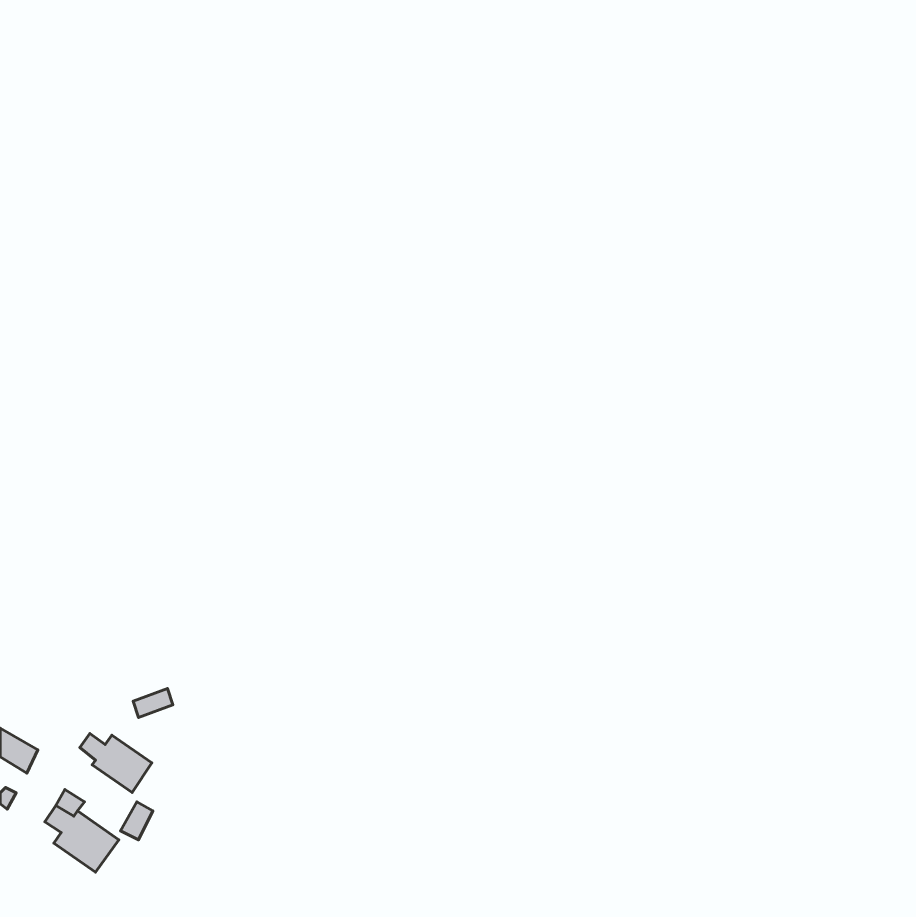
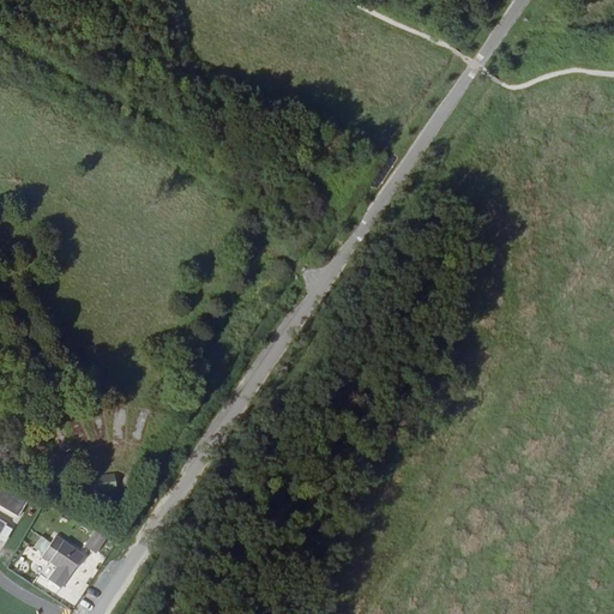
building: [80,733,152,792] -> none

